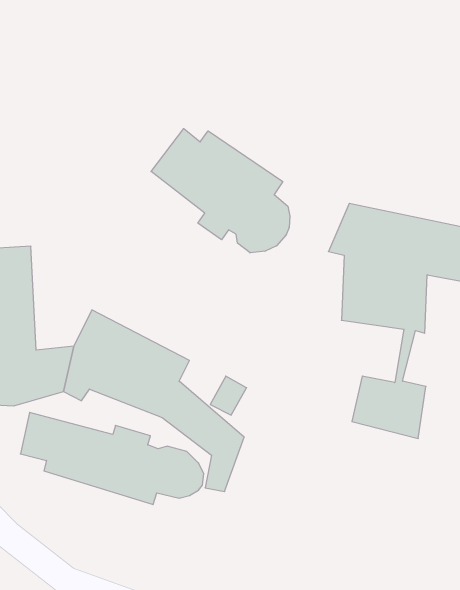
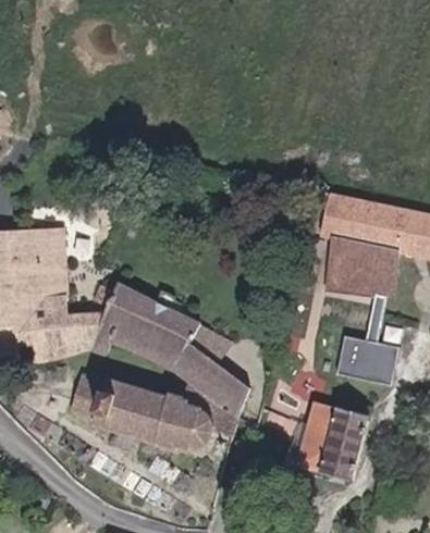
building: [151,129,290,253] -> none
building: none -> [300,400,367,475]

